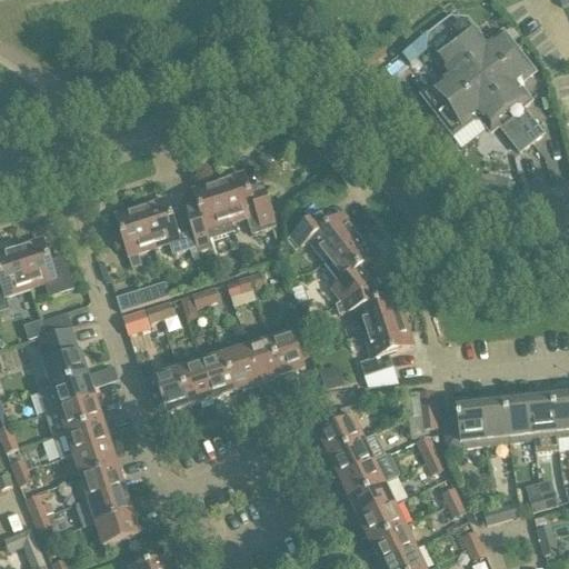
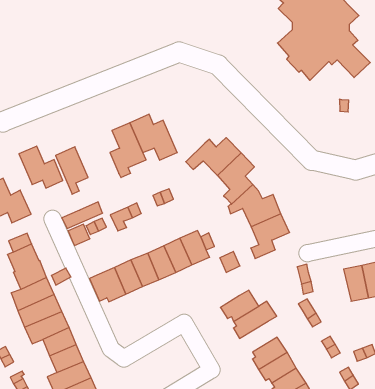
building: [141,196,196,252] -> [19,146,63,188]
building: [442,400,486,448] -> none
building: [333,459,383,498] -> none

